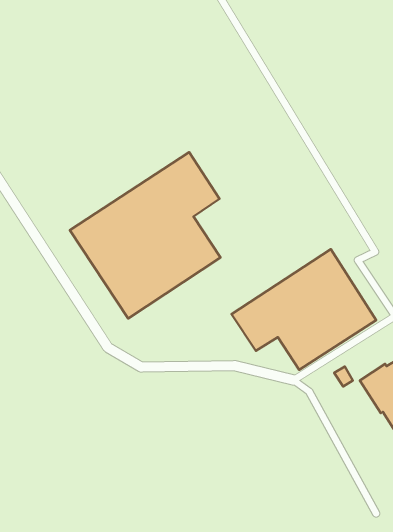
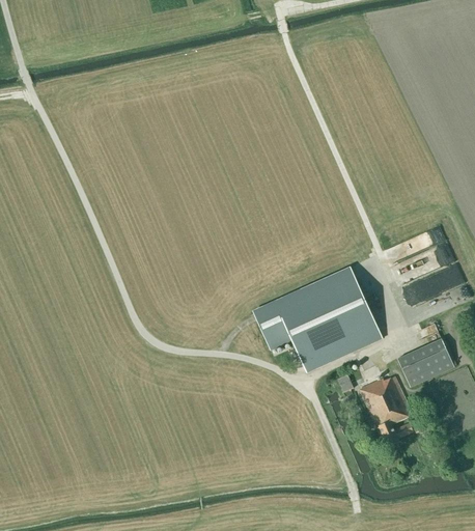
building: [70,152,220,318] -> none

